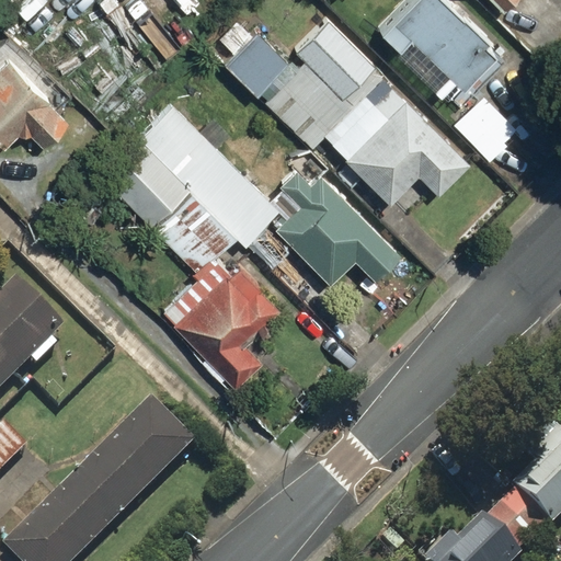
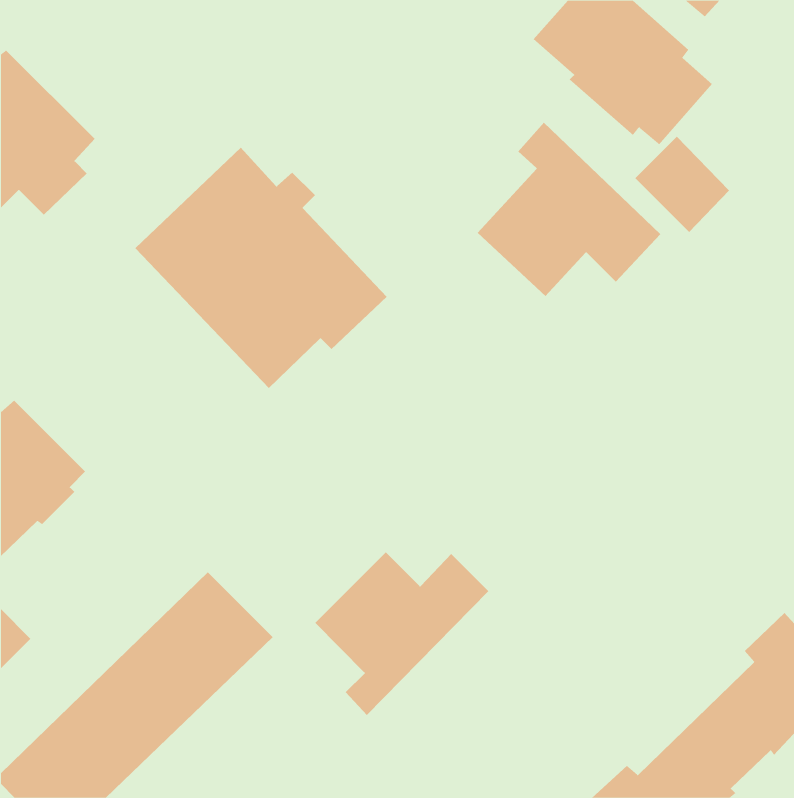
building: [216,18,374,165] -> none
building: [275,164,398,283] -> none
building: [159,255,274,388] -> none
building: none -> [314,551,489,716]

